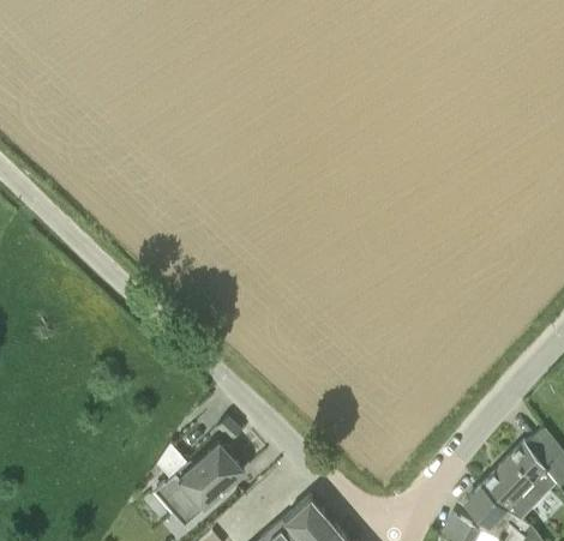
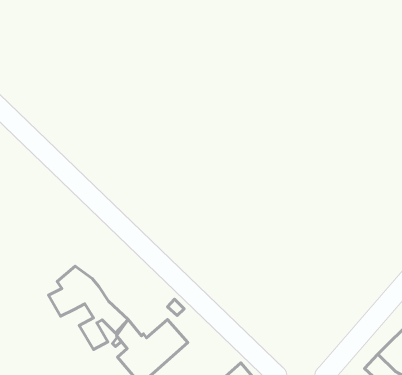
building: none -> [48,266,128,349]

